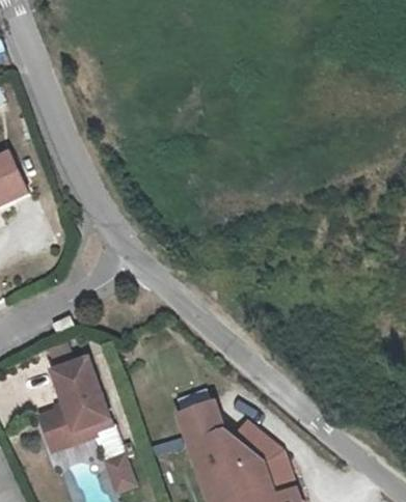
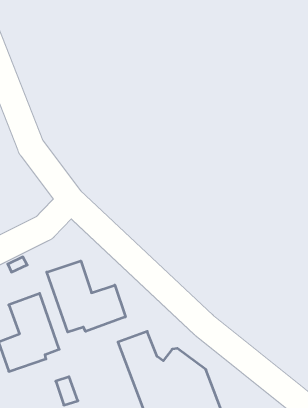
building: none -> [47,261,125,332]

